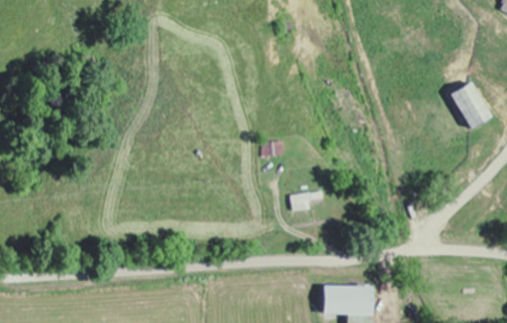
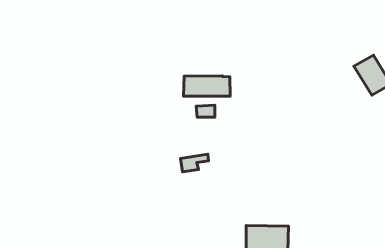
building: none -> [184,76,230,96]
building: [291,191,324,212] -> [181,154,209,172]

